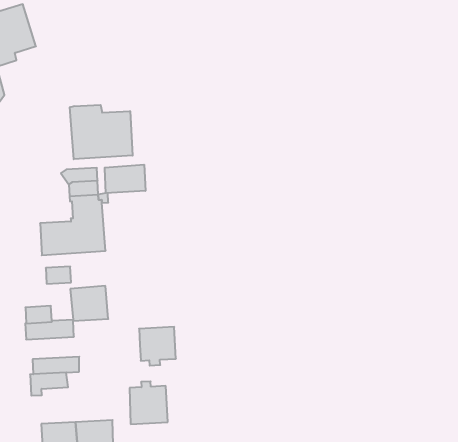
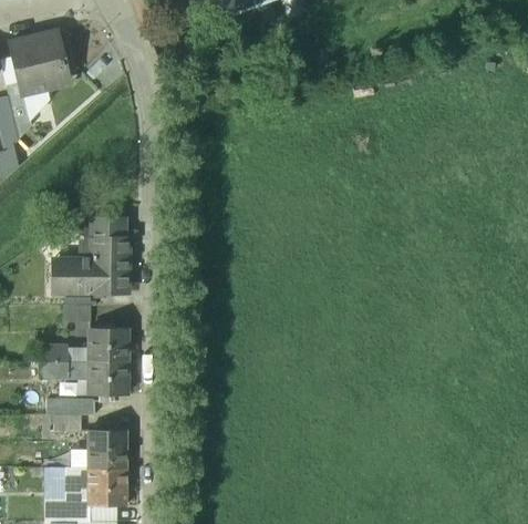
building: [70,105,133,159] -> none
building: [105,165,145,193] -> none
building: [139,327,176,366] -> [90,362,126,401]
building: [130,381,168,424] -> [86,424,125,468]

